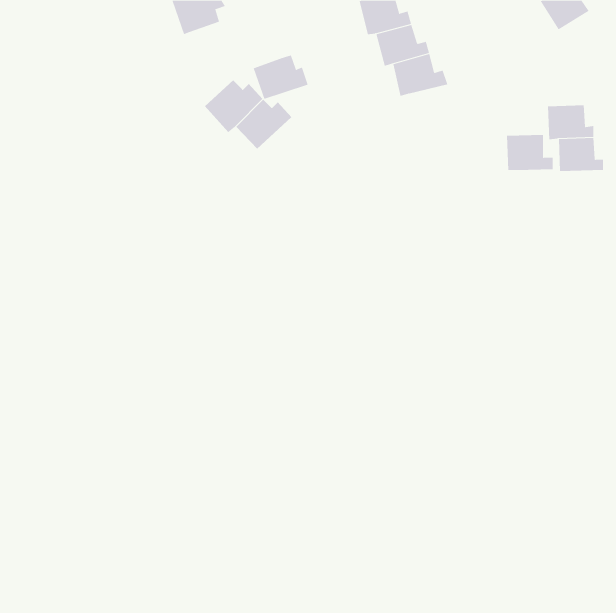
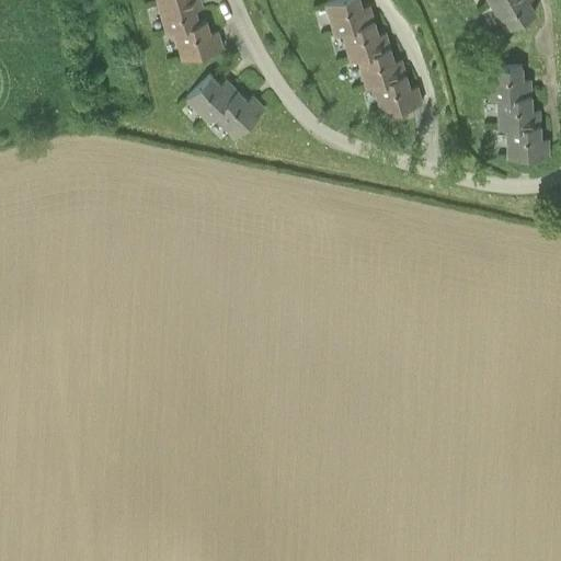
building: [253,55,308,99] -> [173,21,224,61]
building: none -> [371,80,423,117]
building: [506,134,553,171] -> [489,67,531,100]

